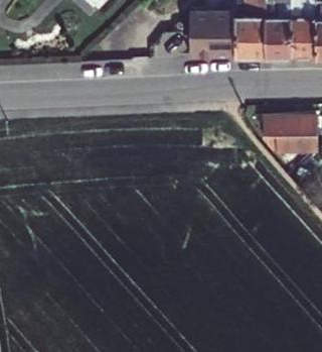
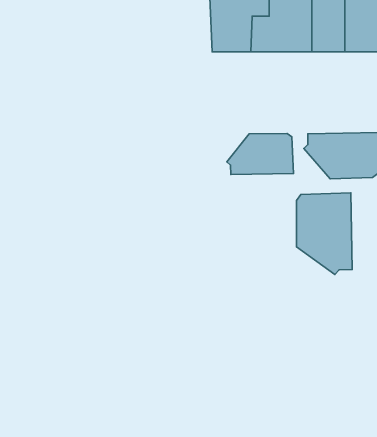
building: none -> [227,134,293,175]
building: none -> [296,193,352,274]

